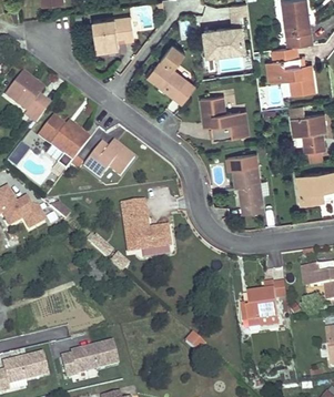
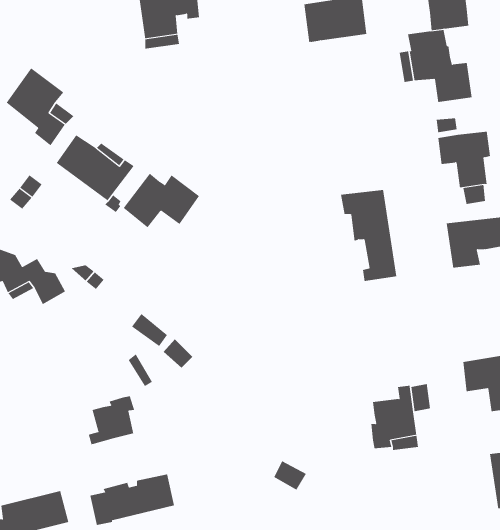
building: [146,43,195,104] -> none
building: [200,96,242,140] -> none
building: [121,202,169,252] -> none
building: none -> [88,395,135,445]

